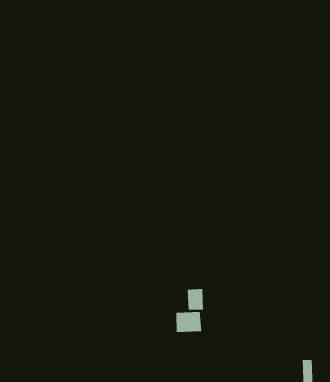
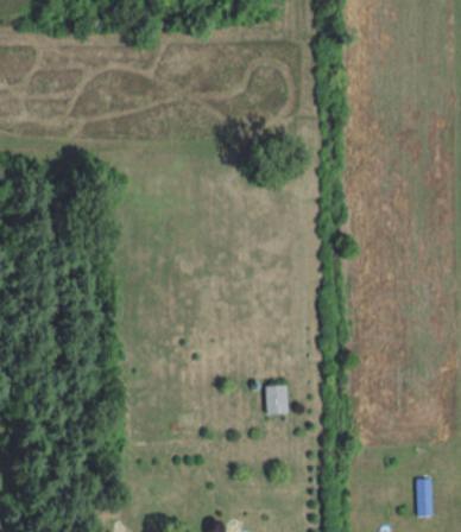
building: [176,311,202,333] -> none

